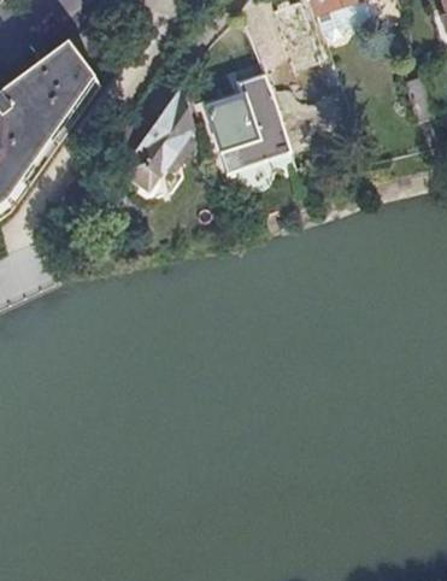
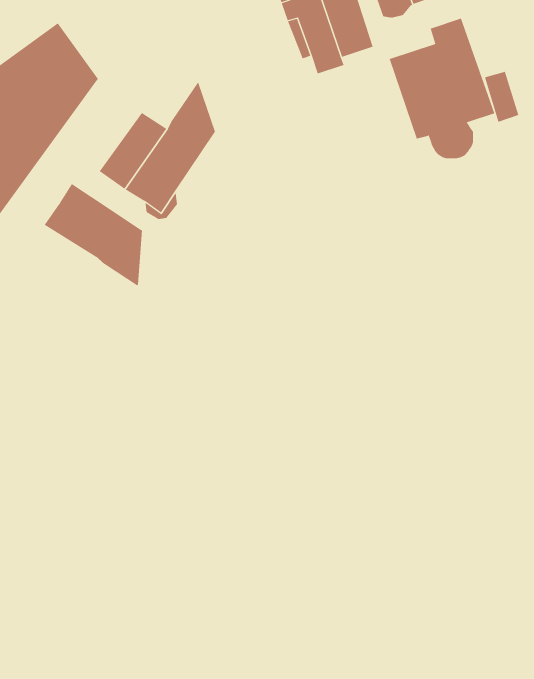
building: [205,72,289,184] -> [389,18,495,159]
building: none -> [44,183,142,286]

